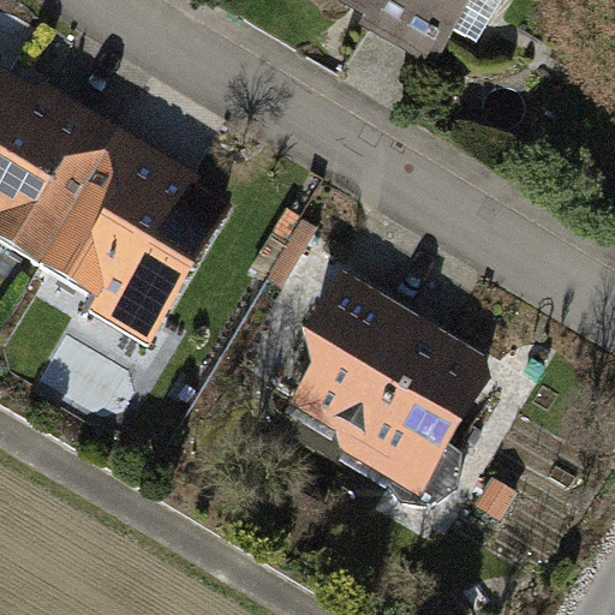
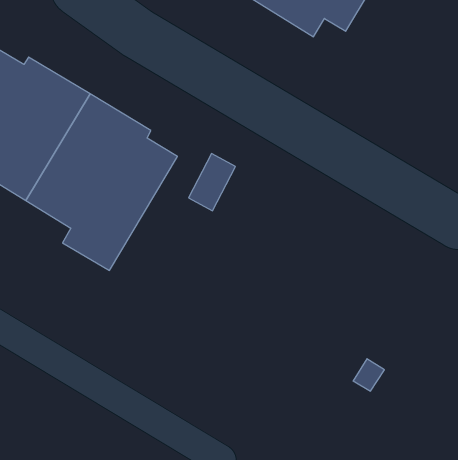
building: [285,259,483,498] -> none

